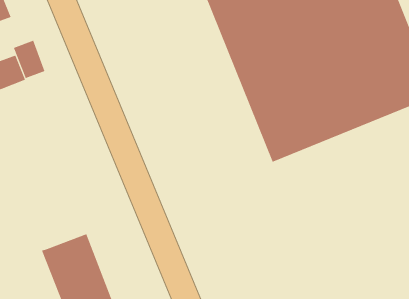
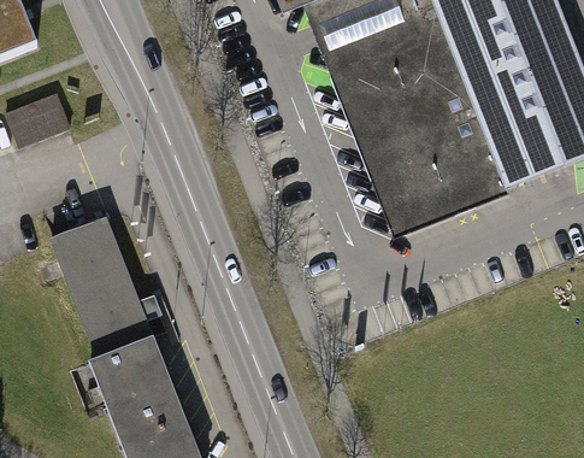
building: [13,40,45,79] -> none
building: none -> [48,212,148,352]

